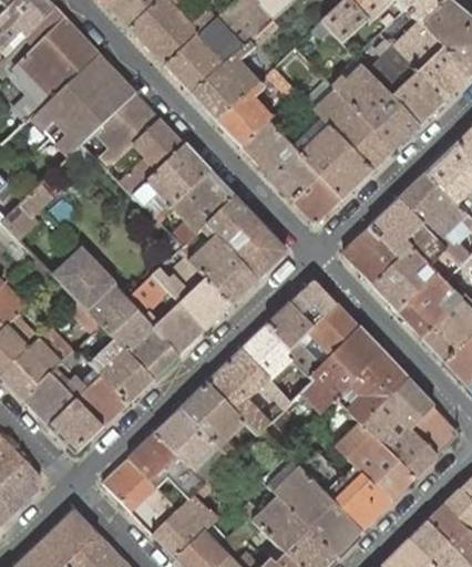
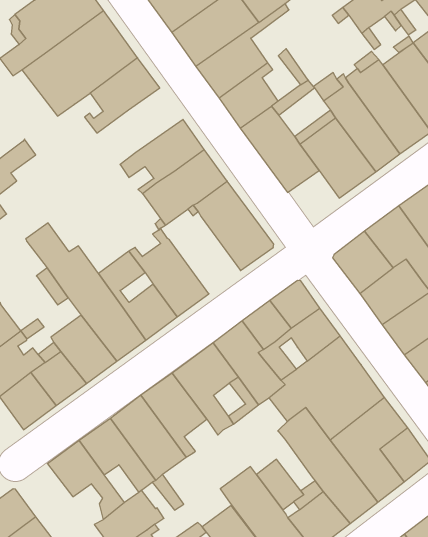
building: [121,117,186,194] -> none
building: [293,175,341,223] -> none
building: [188,233,258,303] -> none

